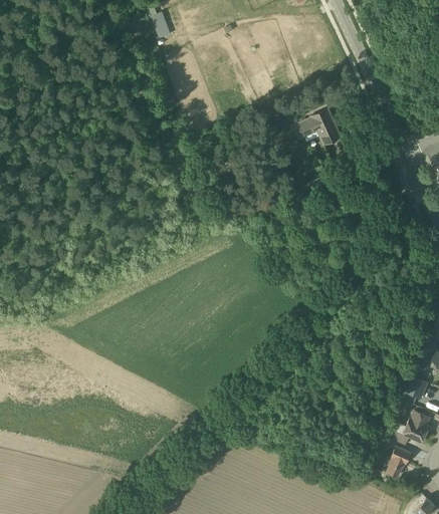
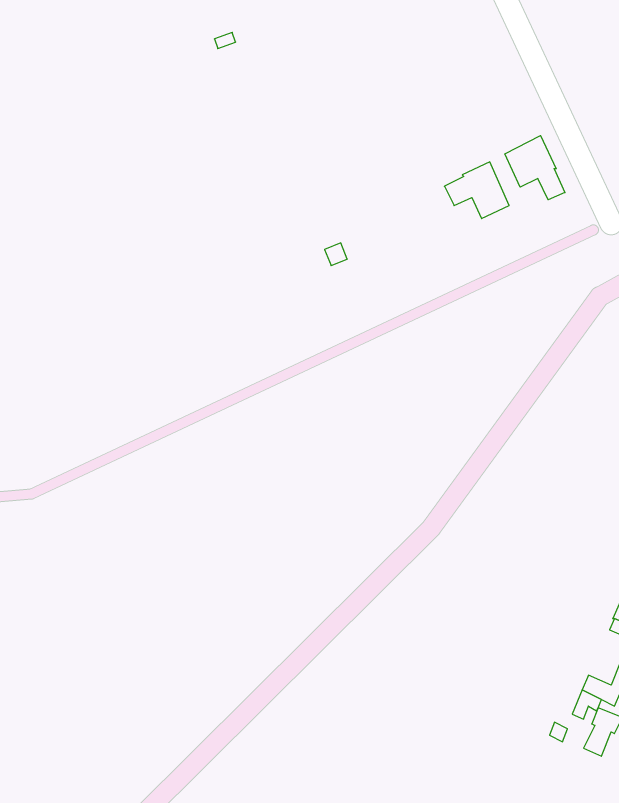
building: none -> [505,136,565,200]

